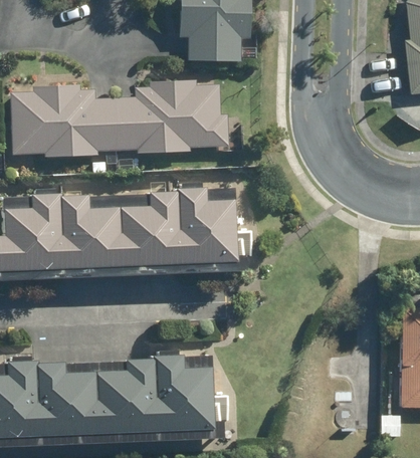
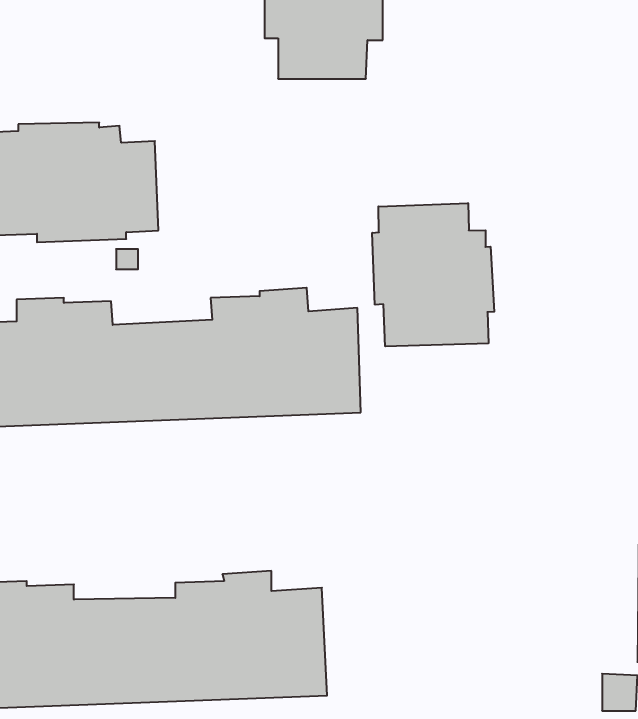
building: [115,81,229,154] -> none
building: none -> [372,203,494,346]

